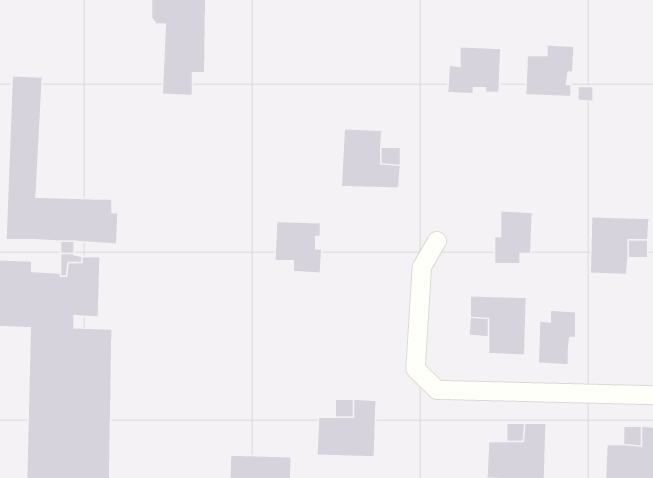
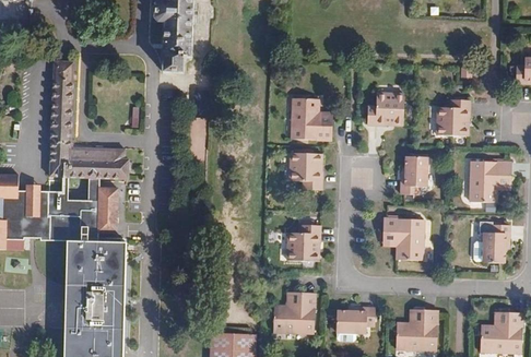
building: [526,45,574,97] -> [436,98,471,135]
building: [448,47,501,94] -> [367,92,405,126]
building: [275,221,322,273] -> [290,152,323,189]
building: none -> [287,224,321,261]
building: [538,310,576,365] -> [483,224,510,263]
building: none -> [335,307,376,332]

